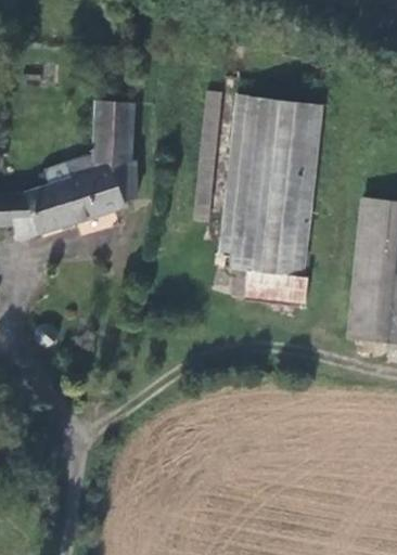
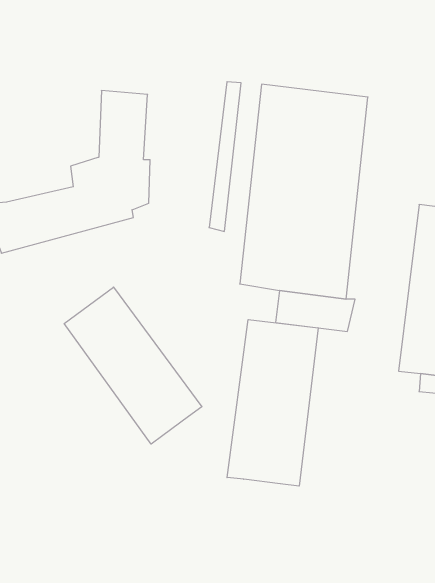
building: none -> [64,287,202,444]
building: none -> [227,320,318,486]

